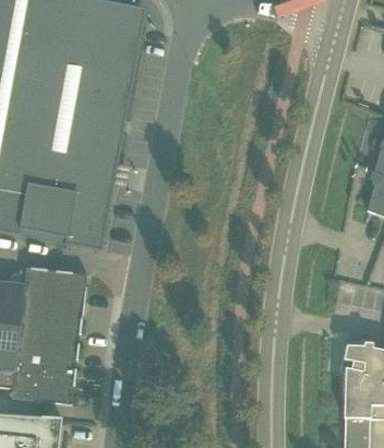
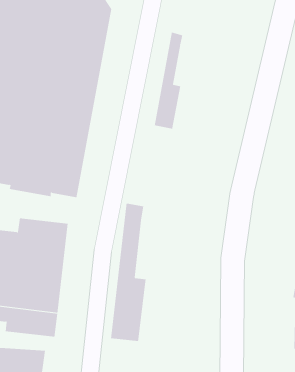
building: none -> [154,32,183,129]
building: none -> [111,203,146,342]

